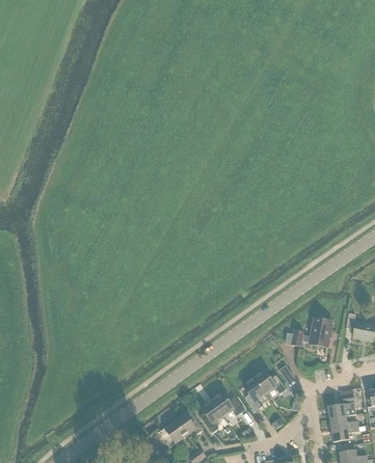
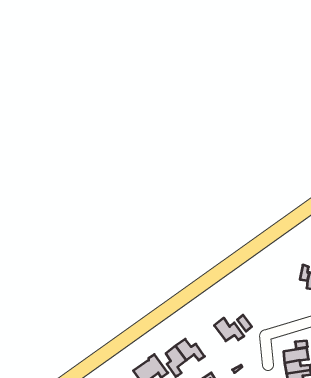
building: [291,318,331,346] -> none
building: [243,378,266,411] -> none

